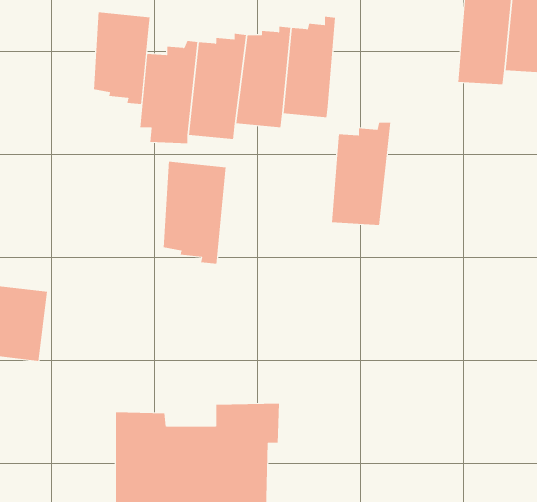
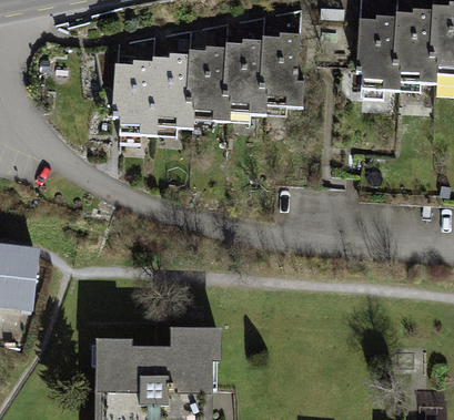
building: [93,12,150,105] -> none
building: [331,122,391,225] -> [256,25,303,105]
building: [163,161,226,264] -> none

